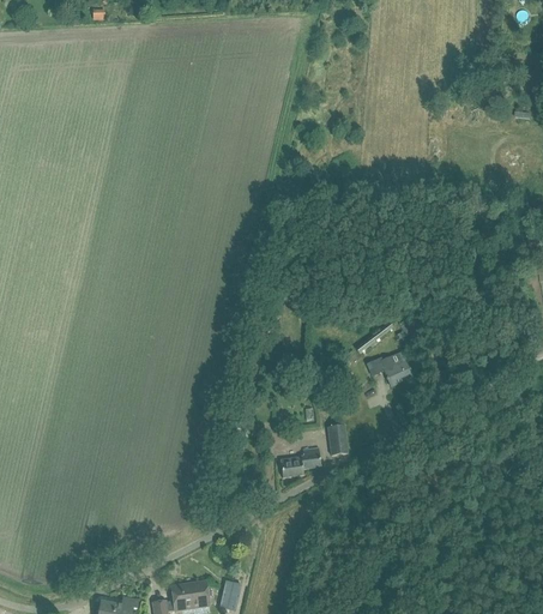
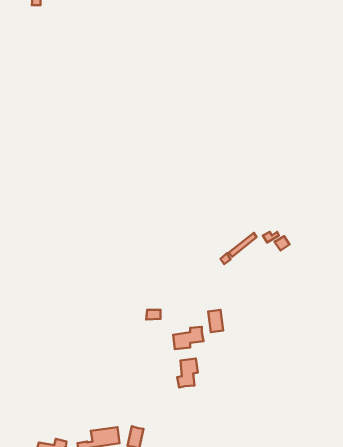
building: [367,349,412,386] -> none
building: none -> [177,359,198,388]

